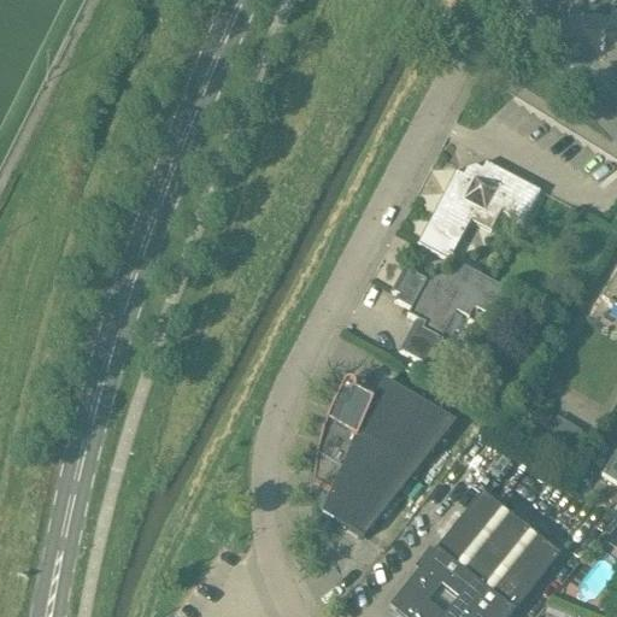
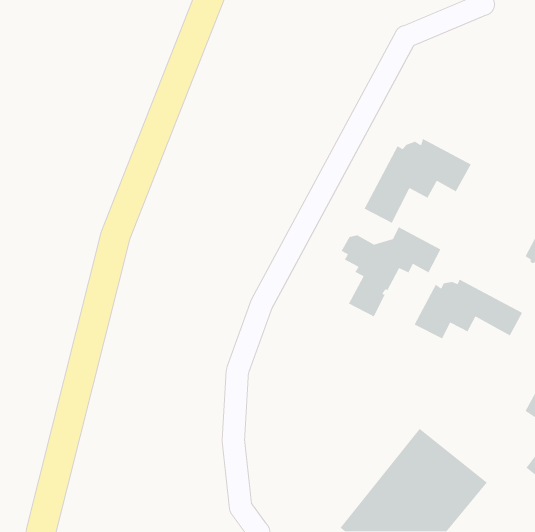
building: none -> [414,278,523,340]
building: [315,377,458,536] -> none

